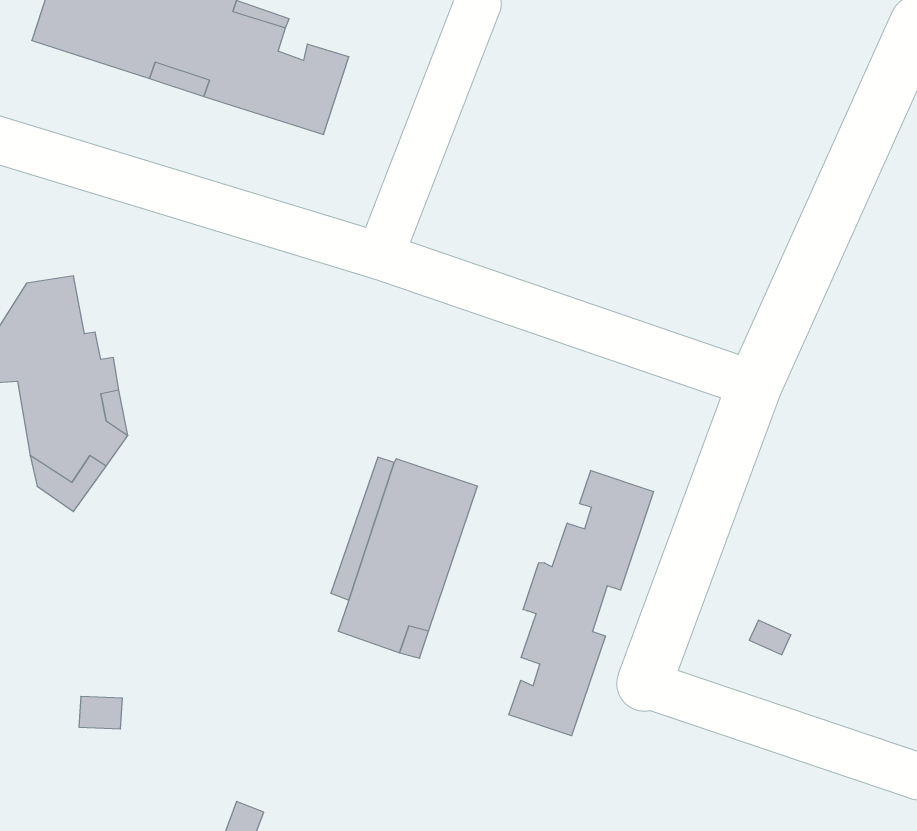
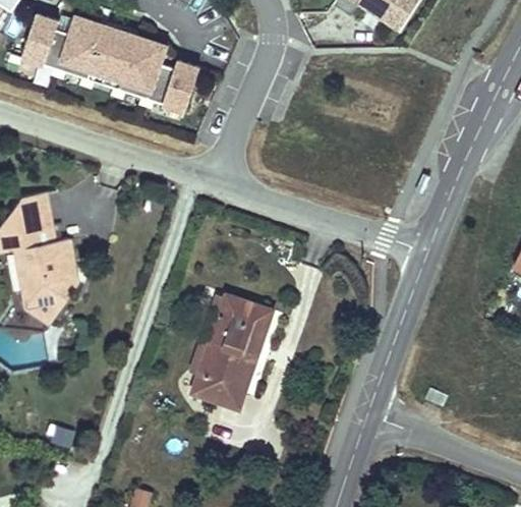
building: [509,470,654,736] -> none

